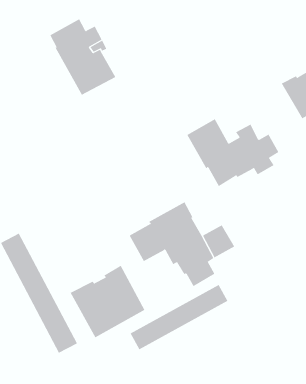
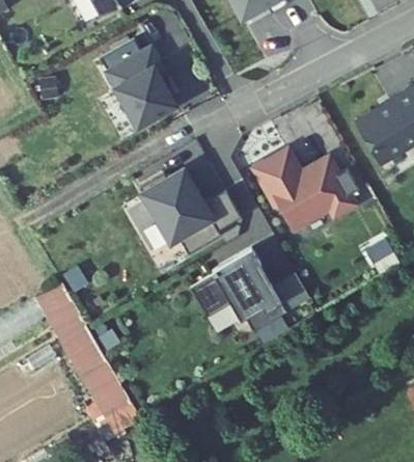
building: none -> [139,172,241,256]
building: [70,265,145,338] -> none
building: [130,284,228,350] -> none

